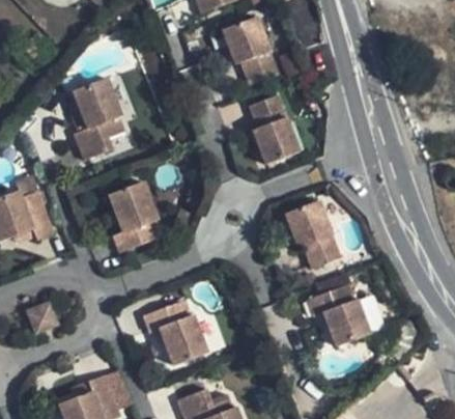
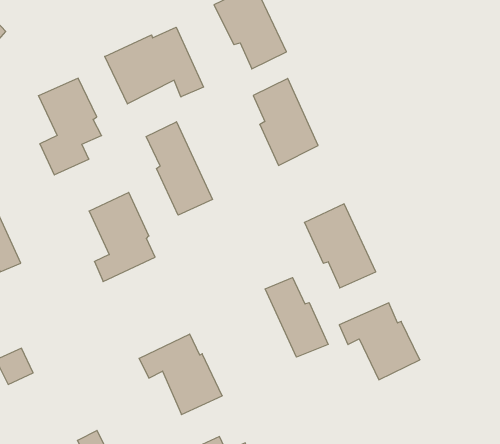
building: none -> [105,27,203,104]
building: none -> [146,122,212,215]
building: none -> [265,278,328,357]

